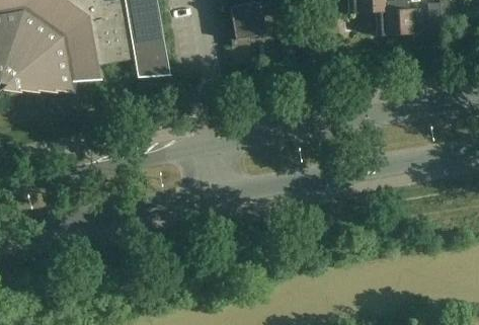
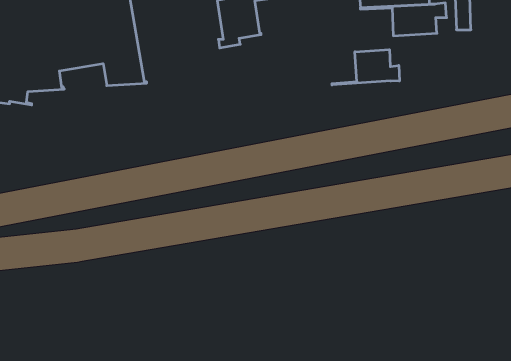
building: none -> [332,50,399,85]

